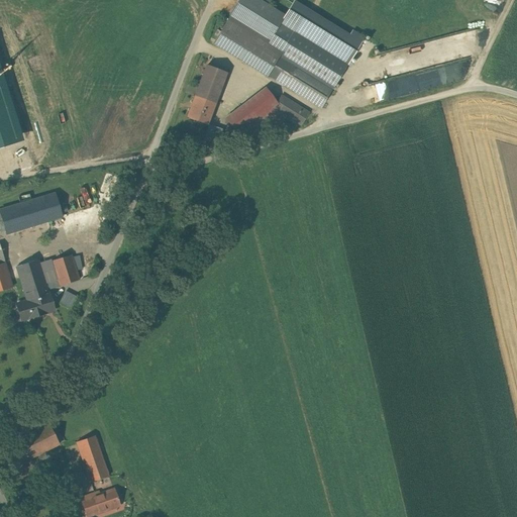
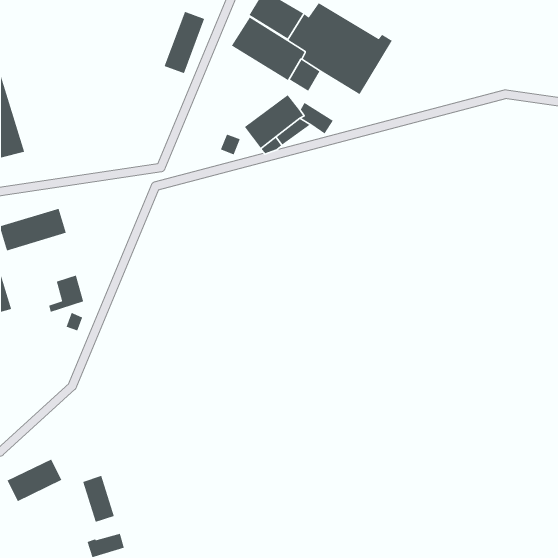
building: [188,65,226,123] -> [164,11,205,74]
building: [286,66,333,106] -> none
building: [17,258,54,319] -> none

